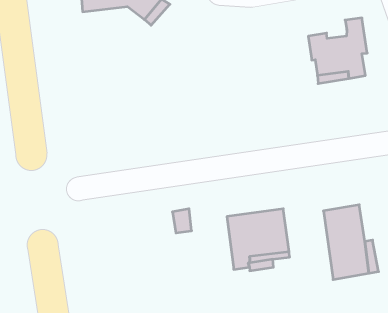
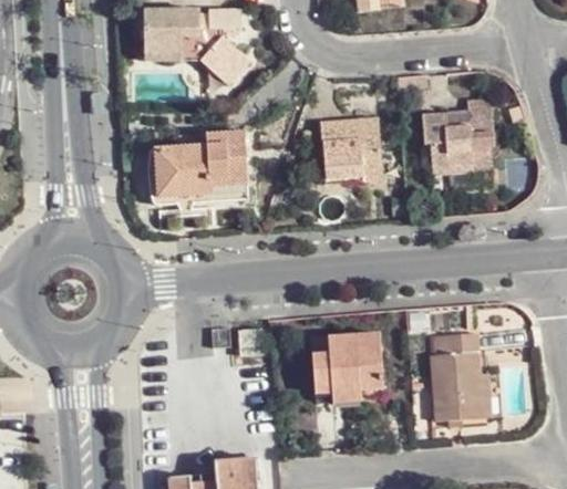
building: none -> [323,121,386,186]
building: none -> [157,129,248,195]

